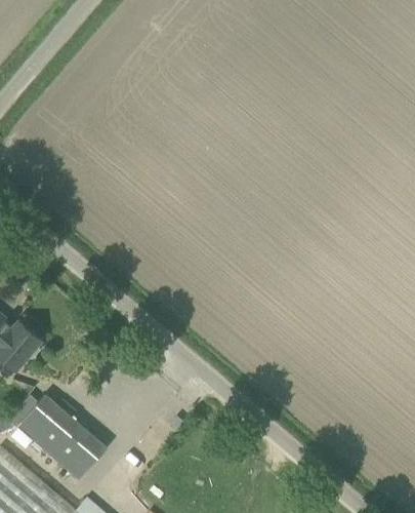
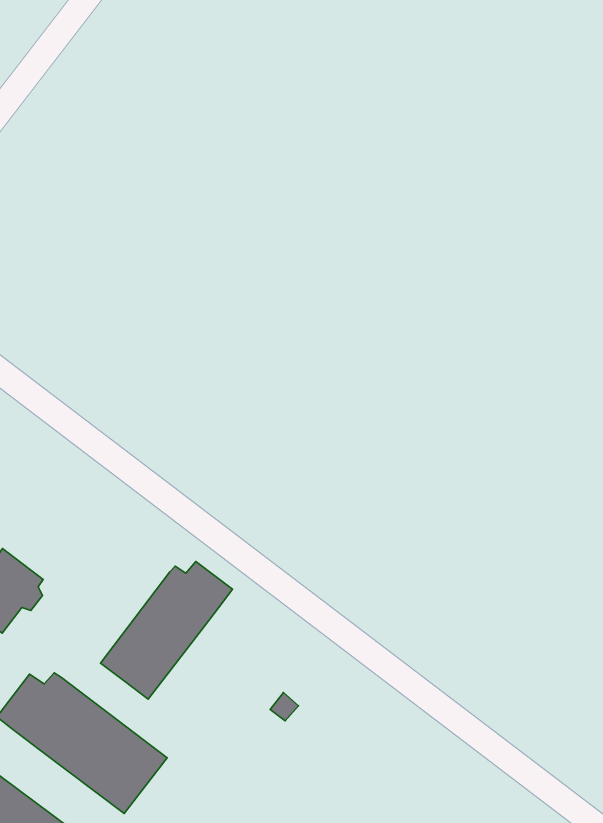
building: none -> [101,562,232,699]

